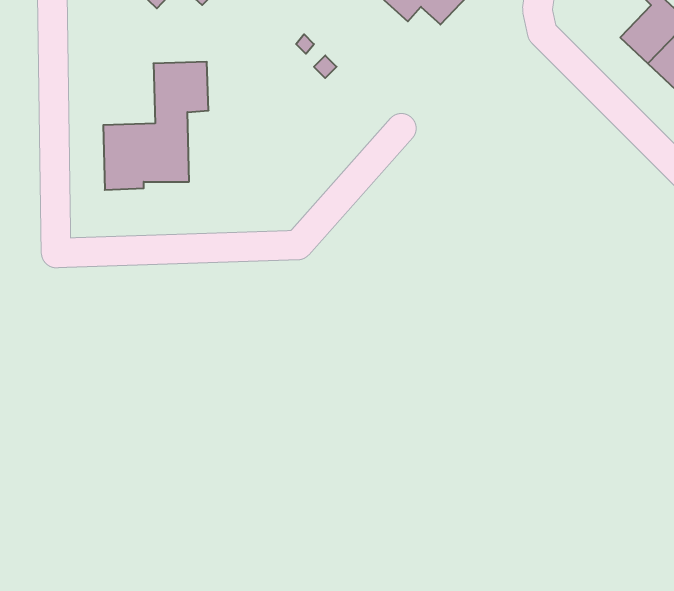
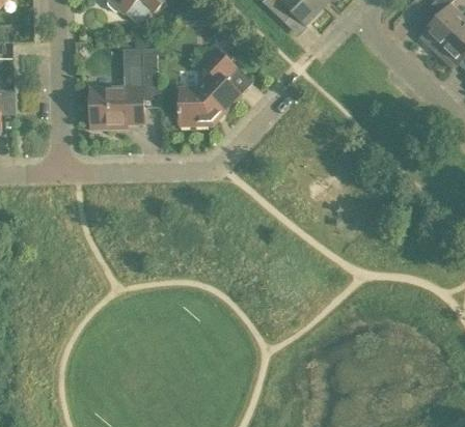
building: none -> [180,49,241,125]

